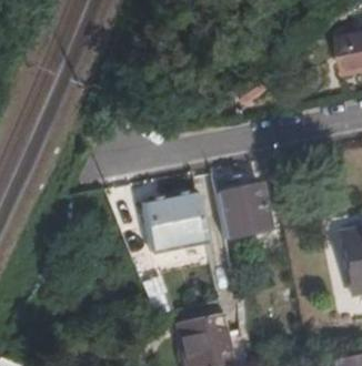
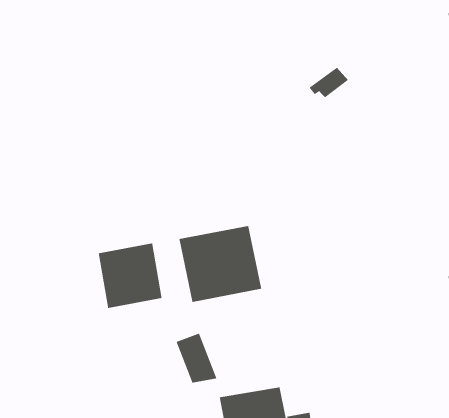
building: [217,185,270,241] -> none
building: none -> [98,242,163,309]

